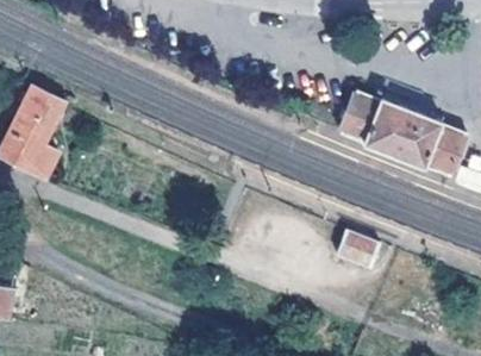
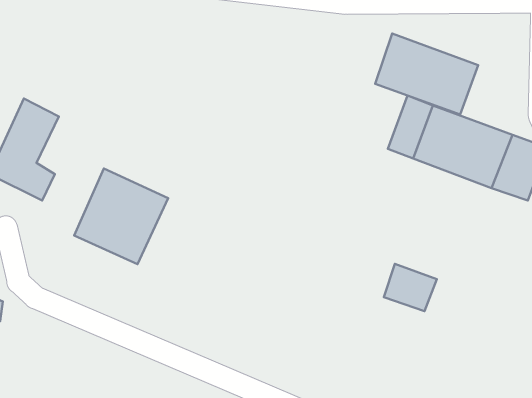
building: none -> [375,33,478,115]
building: none -> [74,169,168,264]

